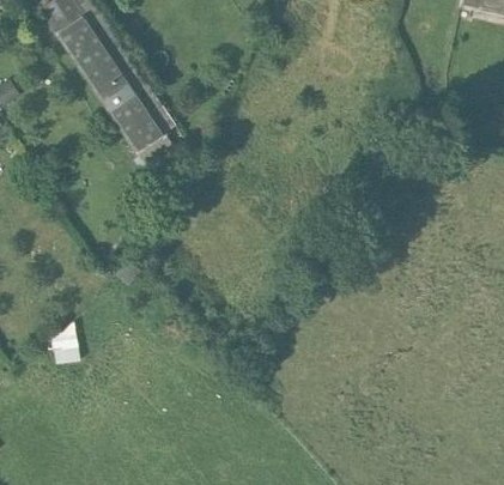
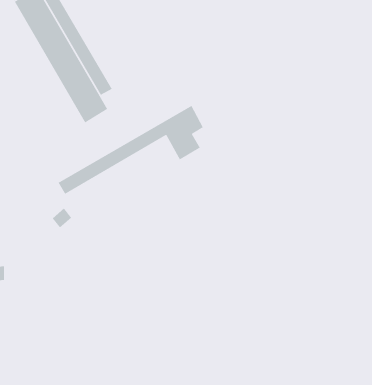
building: none -> [57,105,204,195]

